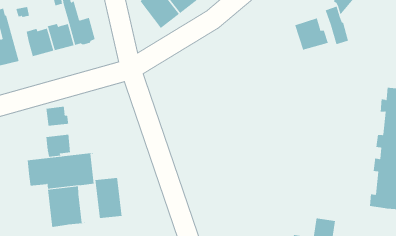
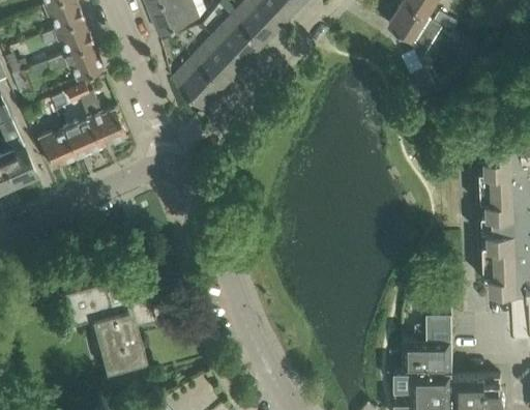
building: [295,18,329,51] -> none
building: [46,106,69,126] -> none
building: [46,134,71,157] -> none
building: [95,177,122,219] -> none

